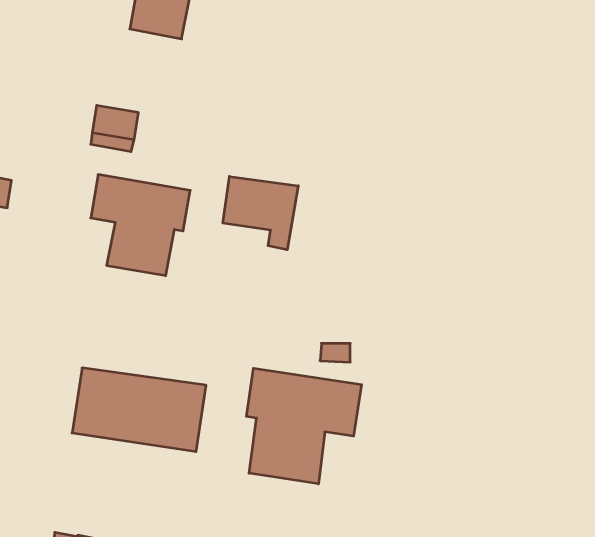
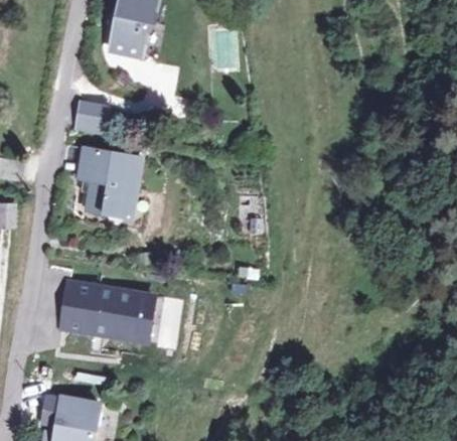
building: [223,176,298,250] -> none
building: [246,368,362,484] -> none

